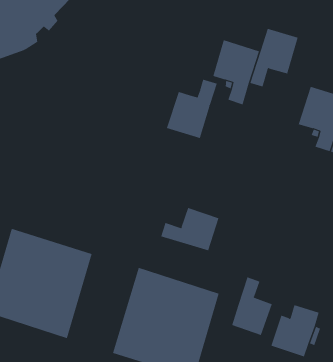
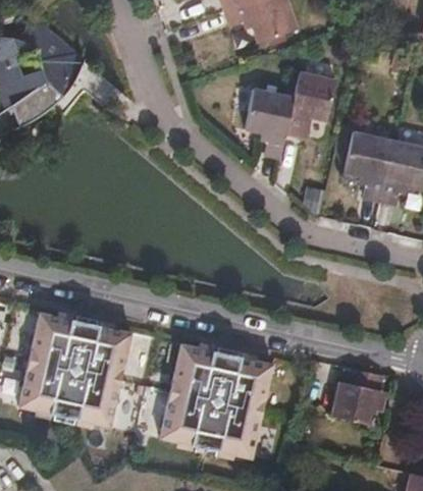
building: [166,79,217,139] -> none
building: [160,207,219,251] -> none
building: [231,277,273,336] -> none

